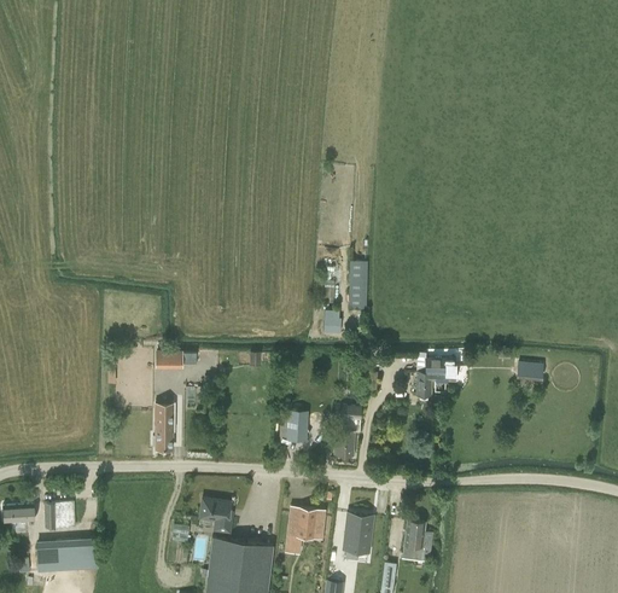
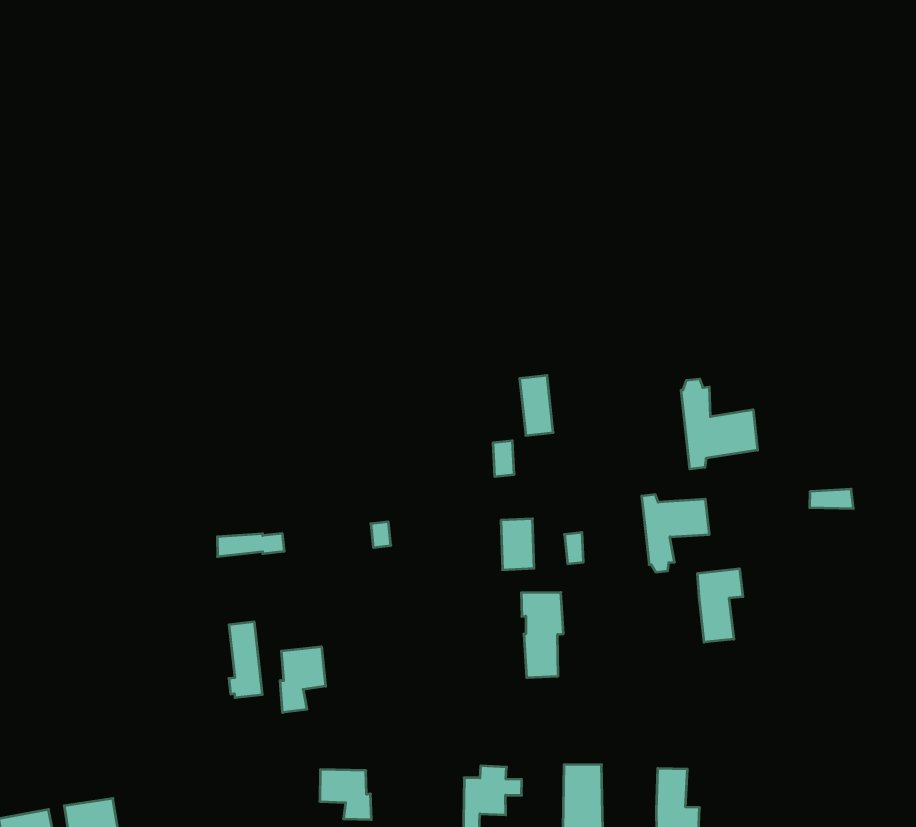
building: none -> [681,379,758,469]
building: none -> [698,569,743,642]
building: [286,409,308,441] -> [501,519,534,570]
building: none -> [280,647,326,713]

